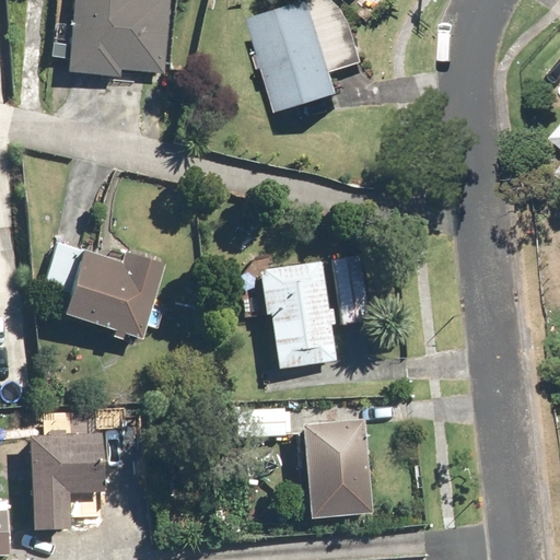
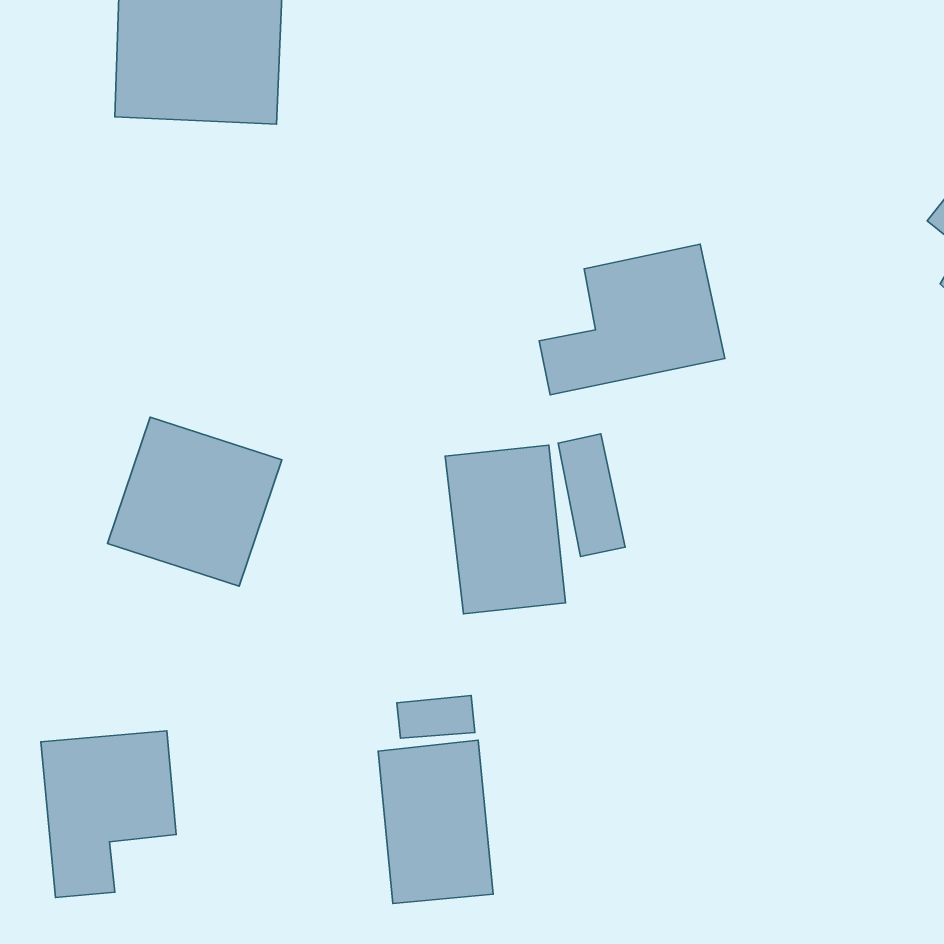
building: [255,4,331,109] -> none
building: none -> [539,244,725,395]
building: [303,419,371,515] -> [378,740,493,903]

